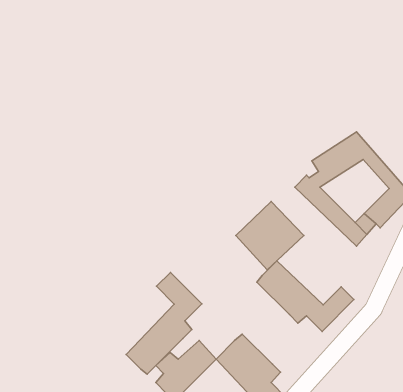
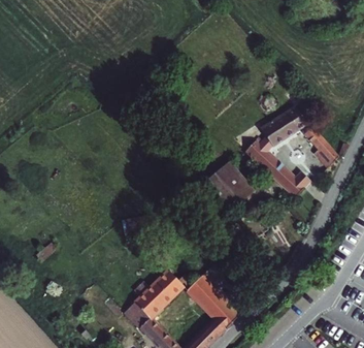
building: [257,261,354,331] -> none
building: [126,272,202,374] -> none

